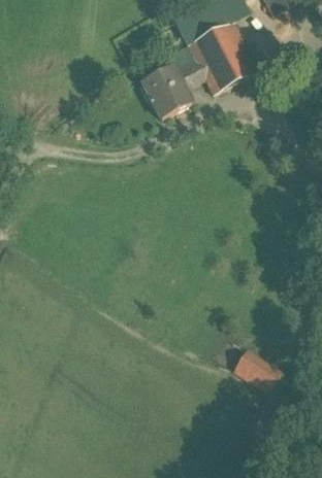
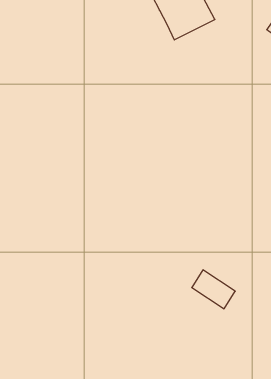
building: [140,58,203,115] -> none

